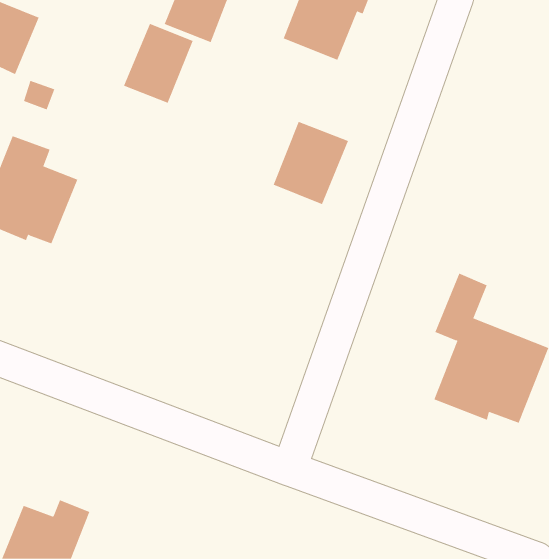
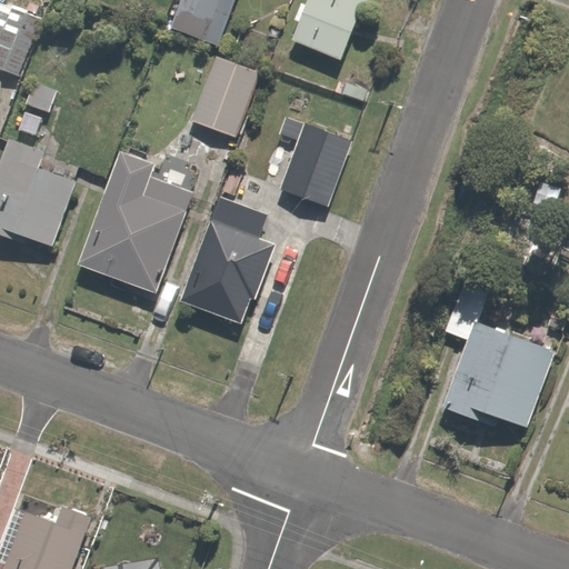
building: [123,23,194,103] -> [188,54,259,136]
building: none -> [79,153,194,295]
building: none -> [178,200,278,323]

